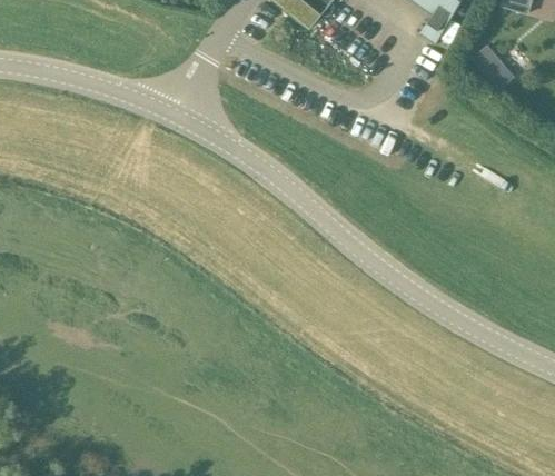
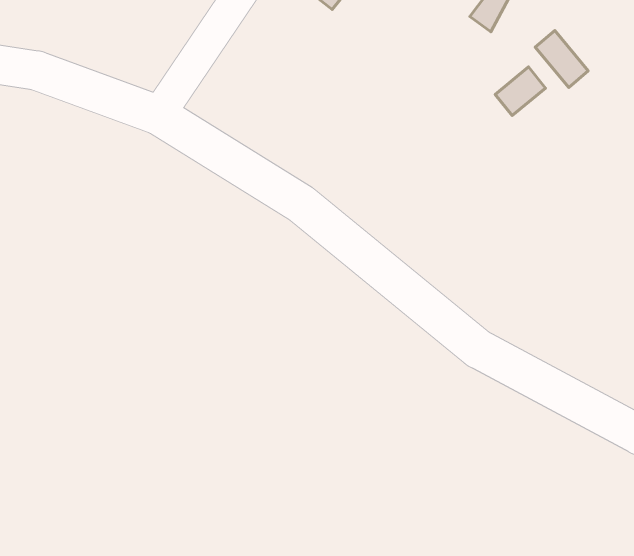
building: none -> [495,67,546,116]

